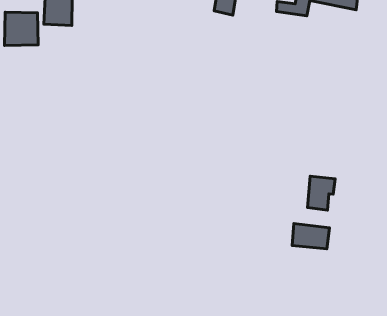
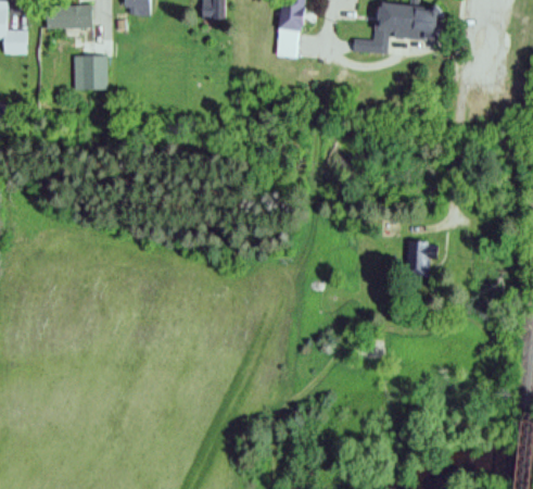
building: [5,12,38,45] -> none
building: [292,223,329,249] -> none

